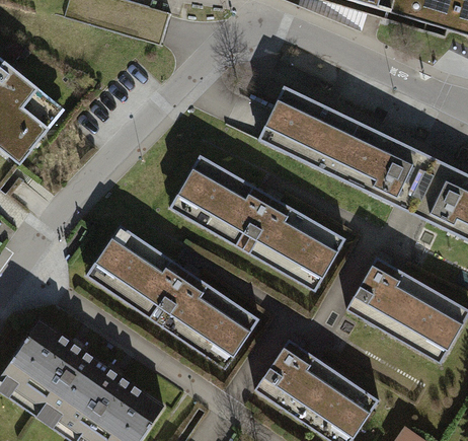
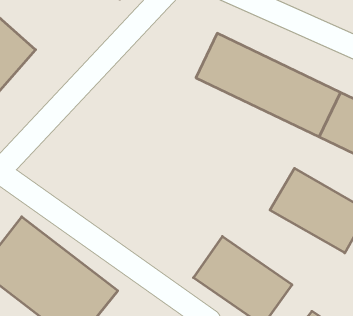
building: [171,152,347,290] -> none
building: [91,216,264,365] -> none

